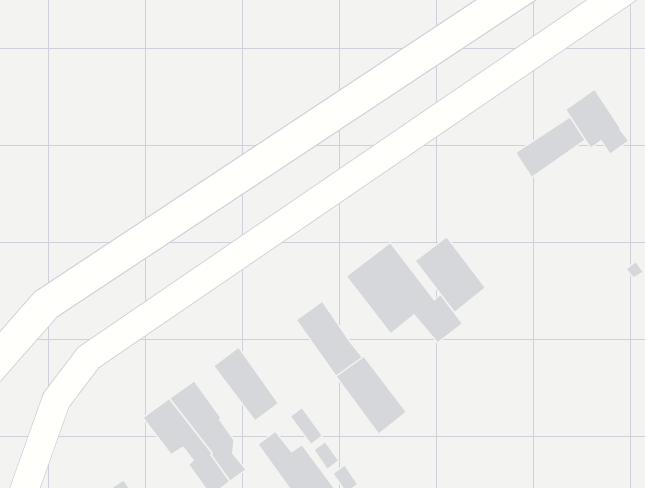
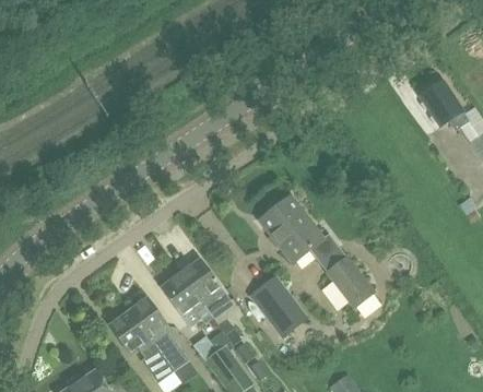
building: [516,117,585,178] -> none
building: [415,237,485,312] -> [323,253,376,309]
building: [296,301,362,376] -> [179,258,228,313]

